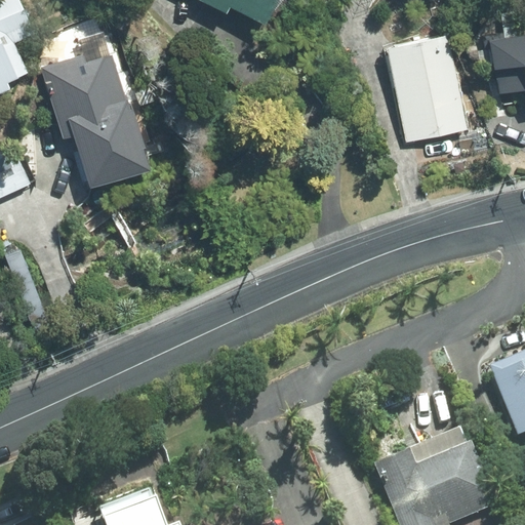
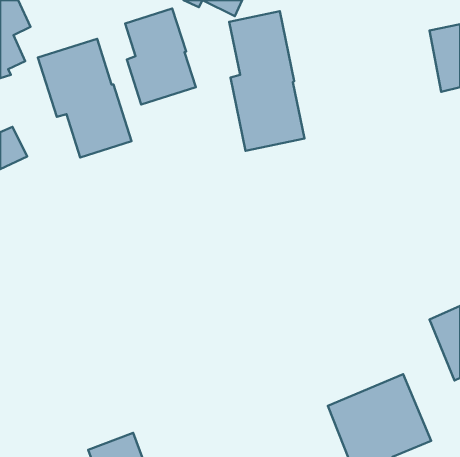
building: none -> [125,8,196,104]
building: none -> [229,11,305,151]
building: [388,34,468,142] -> none

